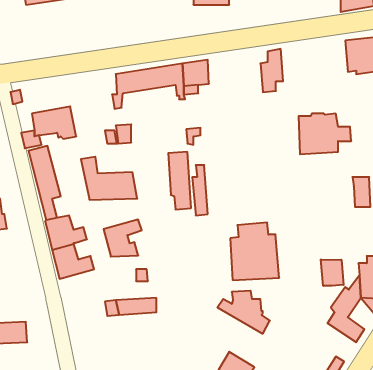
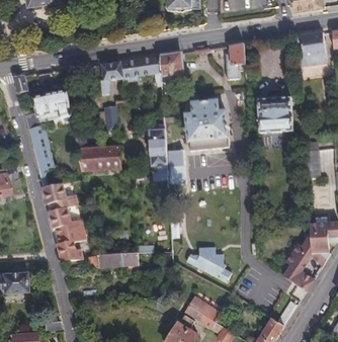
building: [104,220,142,257] -> [55,229,87,260]
building: [230,223,279,280] -> [185,99,227,148]
building: [321,259,344,286] -> none

